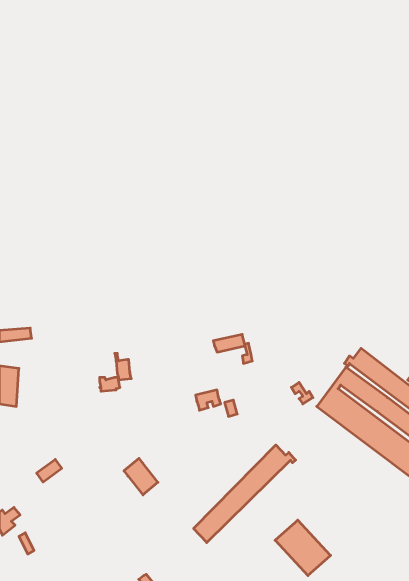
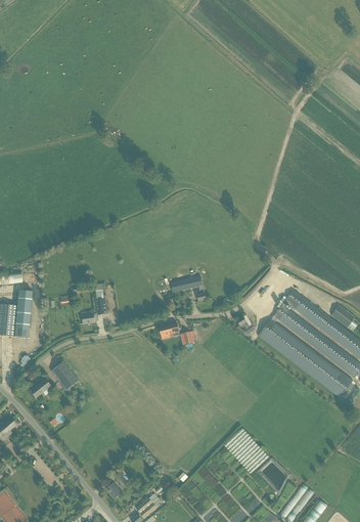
building: none -> [13,289,32,337]
building: [194,445,296,543] -> none
building: [124,458,158,495] -> [50,360,78,390]

